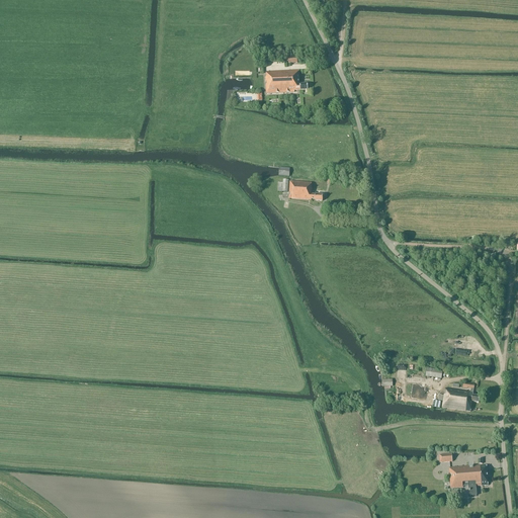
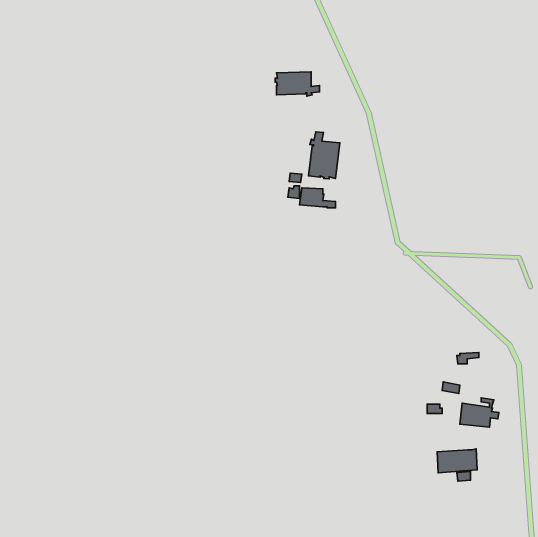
building: none -> [309,132,340,179]
building: [448,463,487,487] -> [437,449,477,473]

